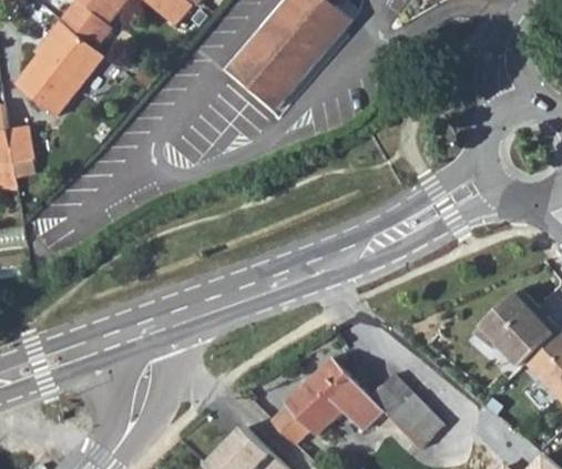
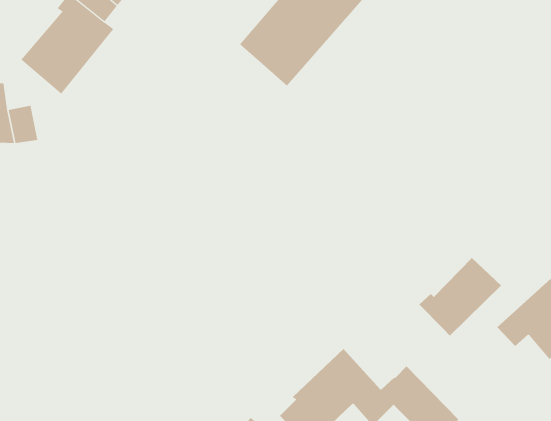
building: none -> [419,257,502,337]

